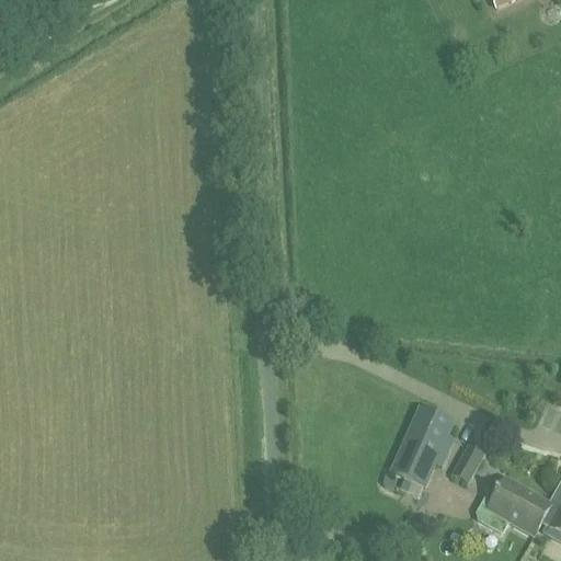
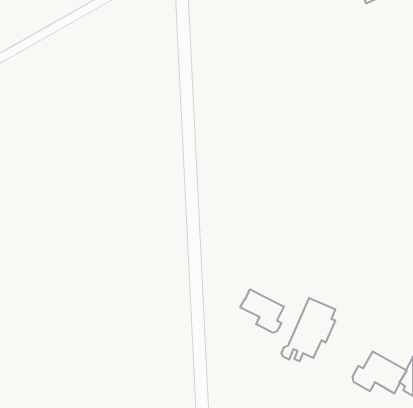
building: none -> [240,289,284,333]
building: [451,442,484,482] -> none

